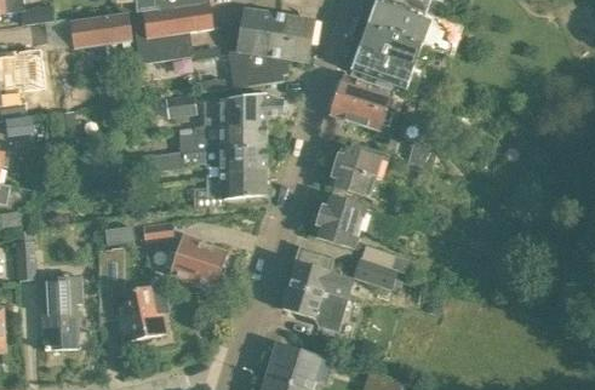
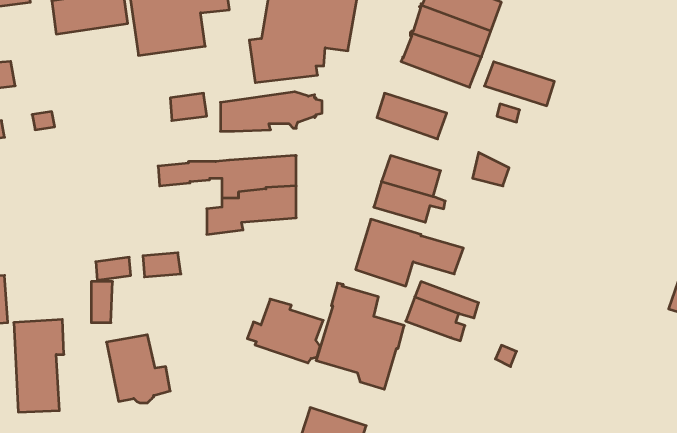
building: [336,75,391,110] -> [484,62,554,106]
building: [179,119,265,149] -> none
building: [165,235,225,286] -> [247,299,323,363]

